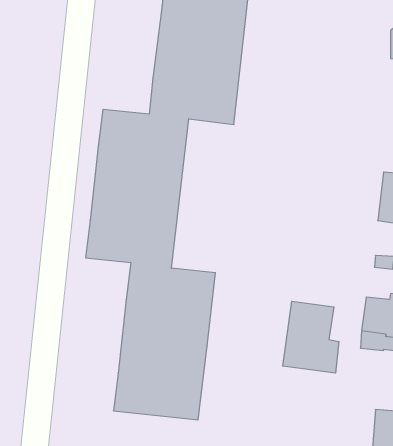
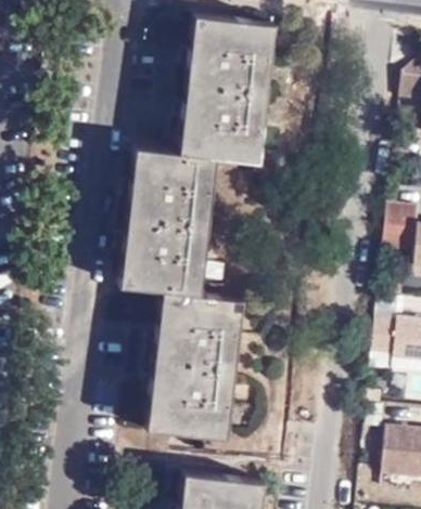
building: [283,301,339,373] -> none

